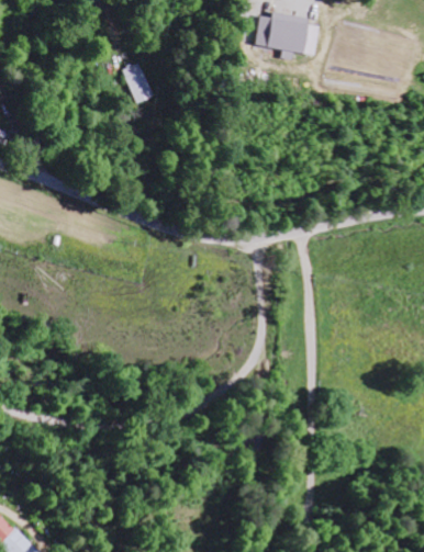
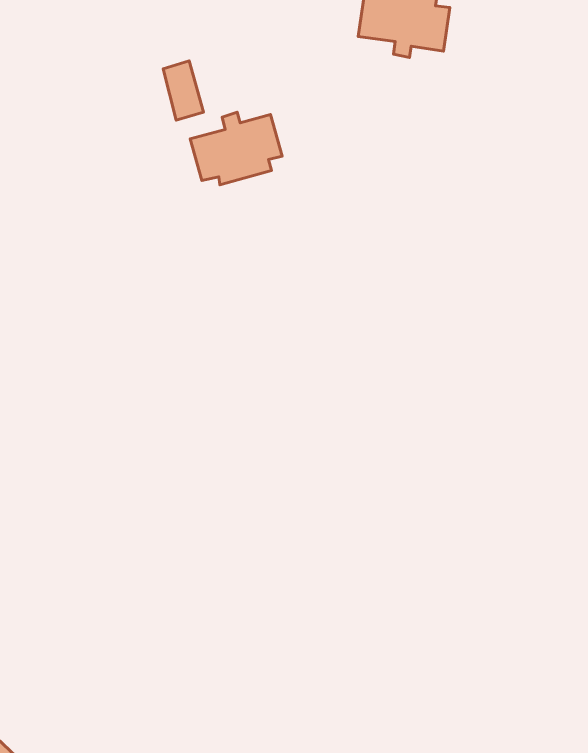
building: none -> [190,112,282,185]

